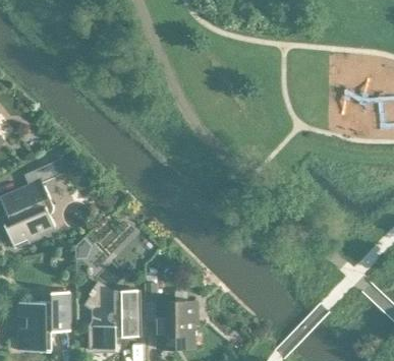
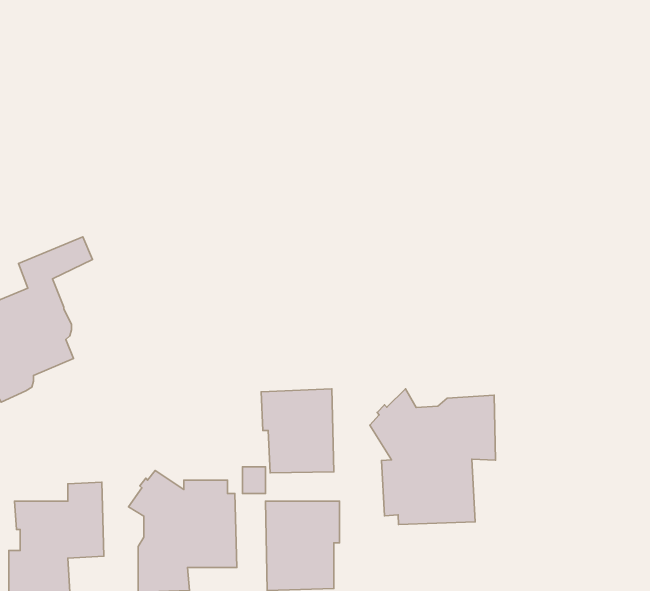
building: none -> [261,389,334,473]
building: none -> [370,389,495,525]

